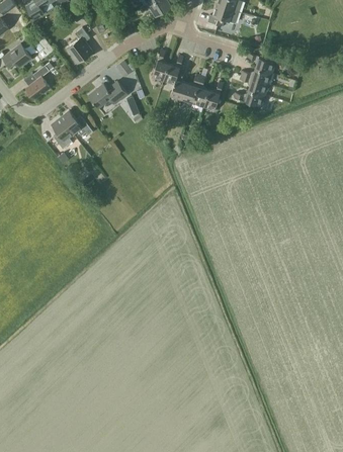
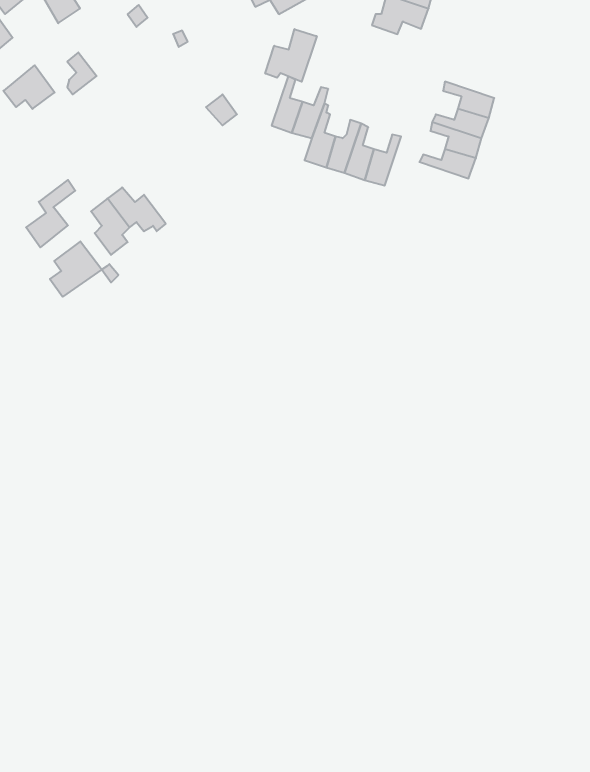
building: none -> [265,29,317,82]
building: [66,26,93,63] -> none
building: [26,61,54,98] -> [26,180,75,247]
building: [88,80,127,107] -> none
building: none -> [50,241,102,297]

